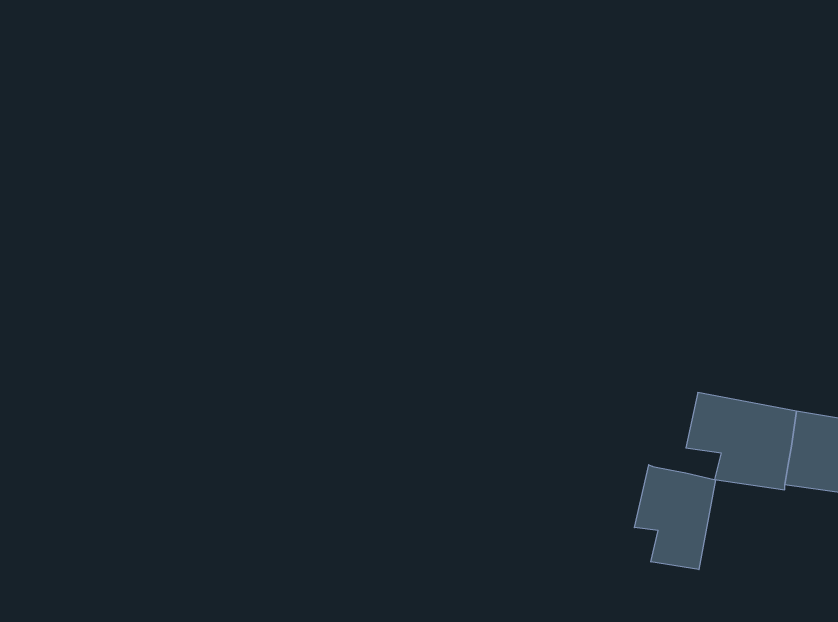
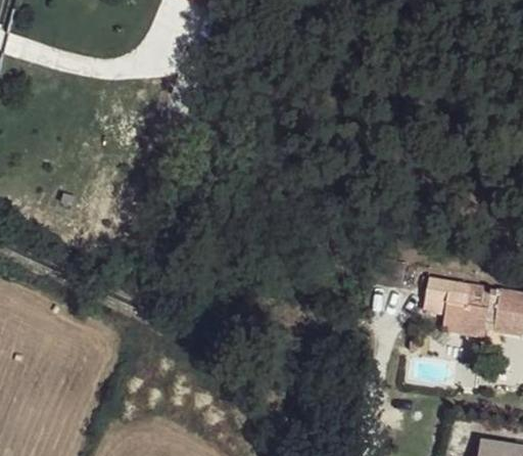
building: [634,465,716,570] -> none

